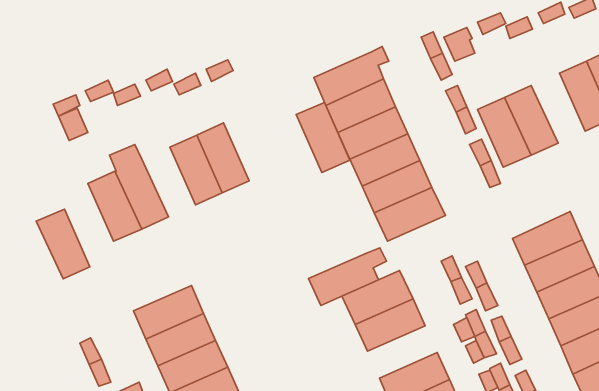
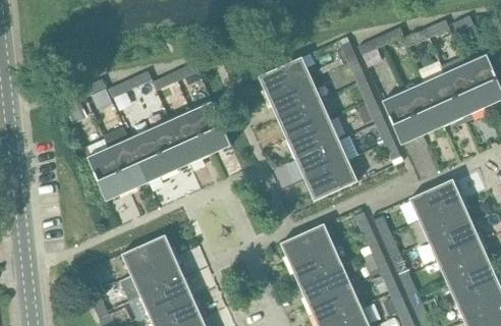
building: none -> [424,73,464,126]
building: [296,103,350,172] -> [190,102,231,155]
building: [36,209,90,279] -> [128,129,169,182]
building: [309,248,387,306] -> [299,261,358,305]

